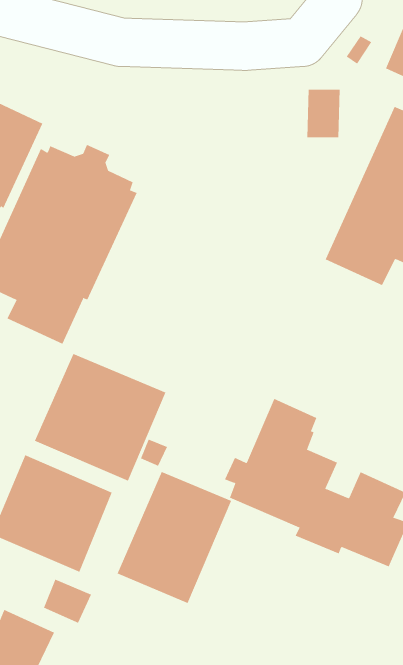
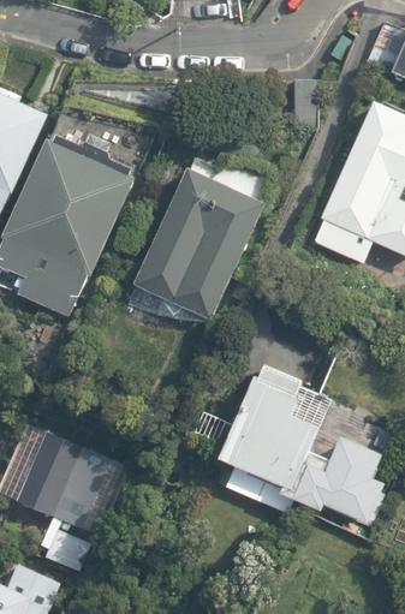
building: none -> [132,167,266,322]
building: [34,353,166,481] -> none
building: [117,471,232,604] -> none

